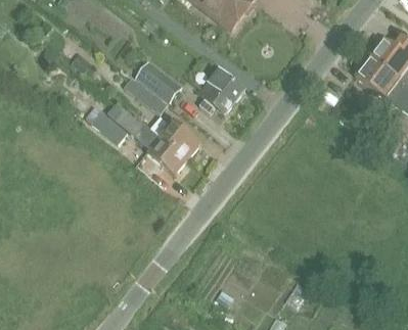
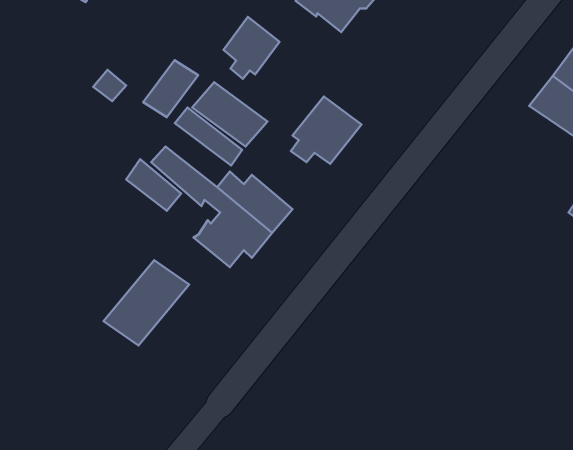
building: none -> [224,17,279,79]
building: none -> [143,60,198,117]
building: none -> [104,260,189,346]

